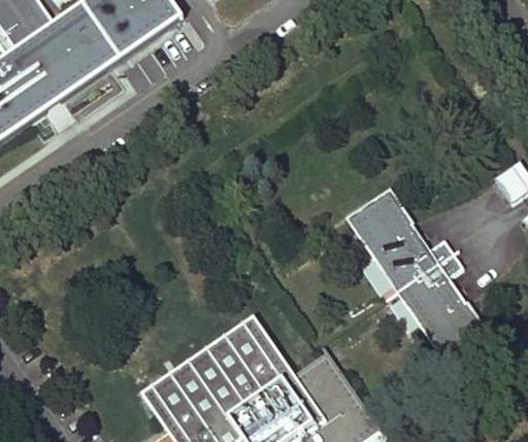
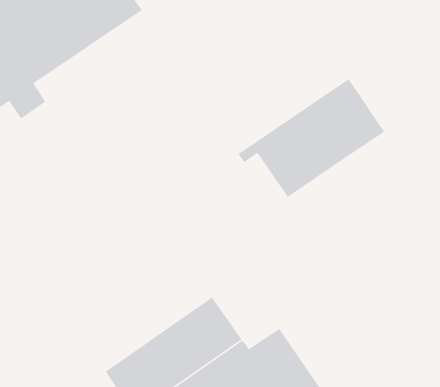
building: none -> [238,78,385,198]
building: [350,192,485,360] -> none

